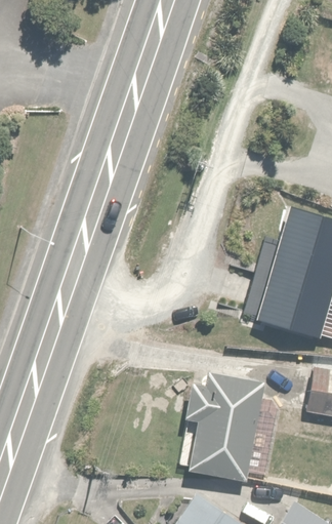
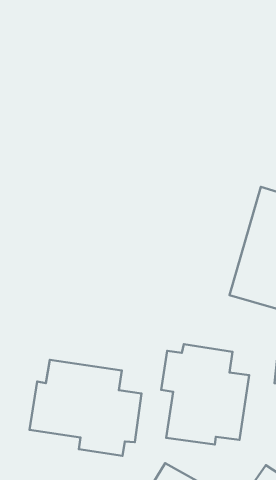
building: none -> [29,360,142,456]

